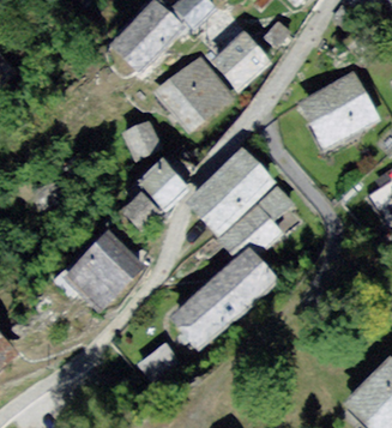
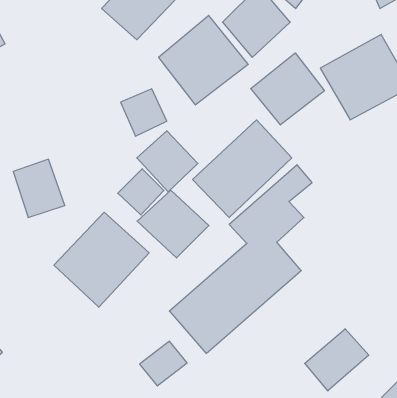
building: none -> [251,53,324,125]
building: none -> [137,190,209,258]
building: none -> [305,329,369,391]

